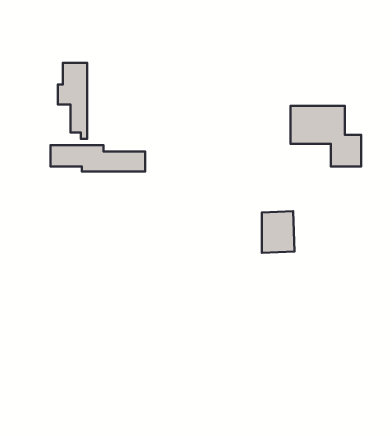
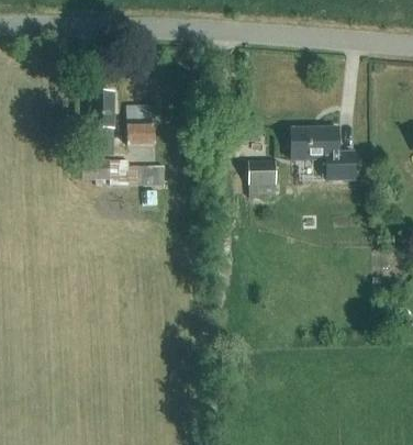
building: none -> [127,105,155,143]
building: [262,211,295,253] -> [248,159,277,196]

